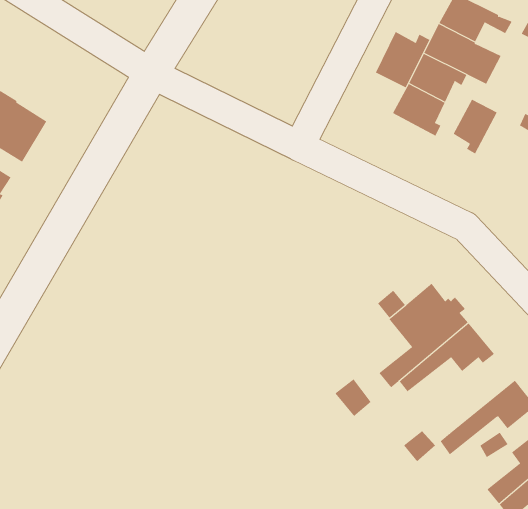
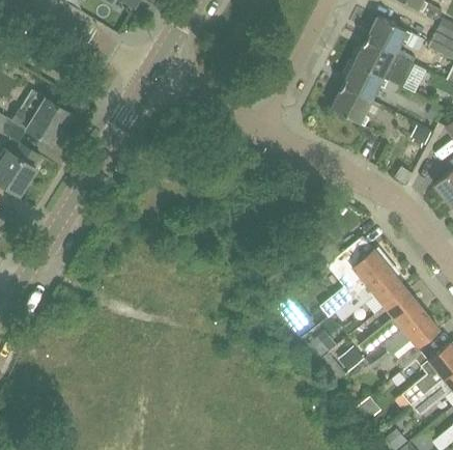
building: [375,31,430,88] -> none
building: [453,99,498,154] -> none
building: none -> [360,289,424,355]

